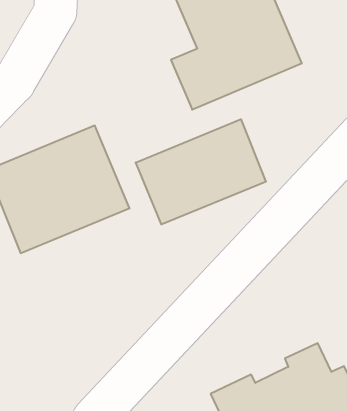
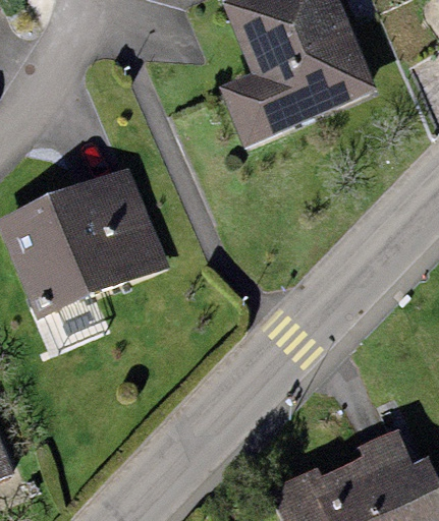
building: [136,119,266,224] -> none

